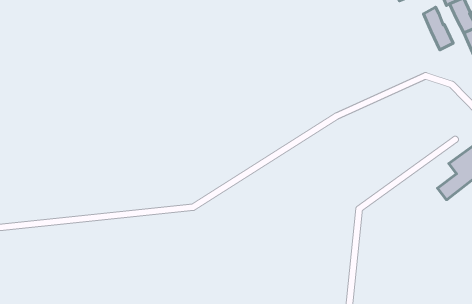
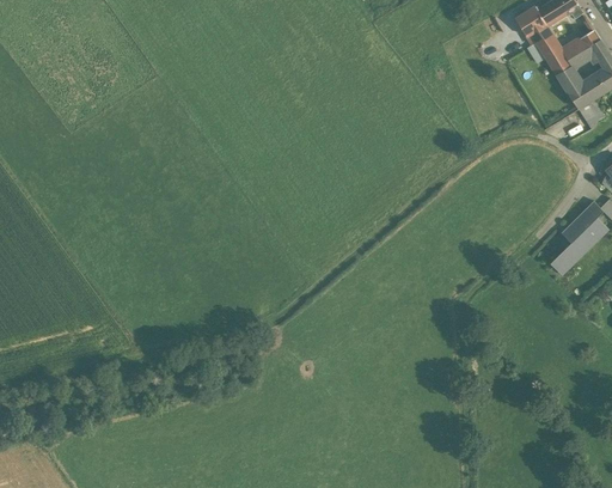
building: [424,7,453,50] -> none

